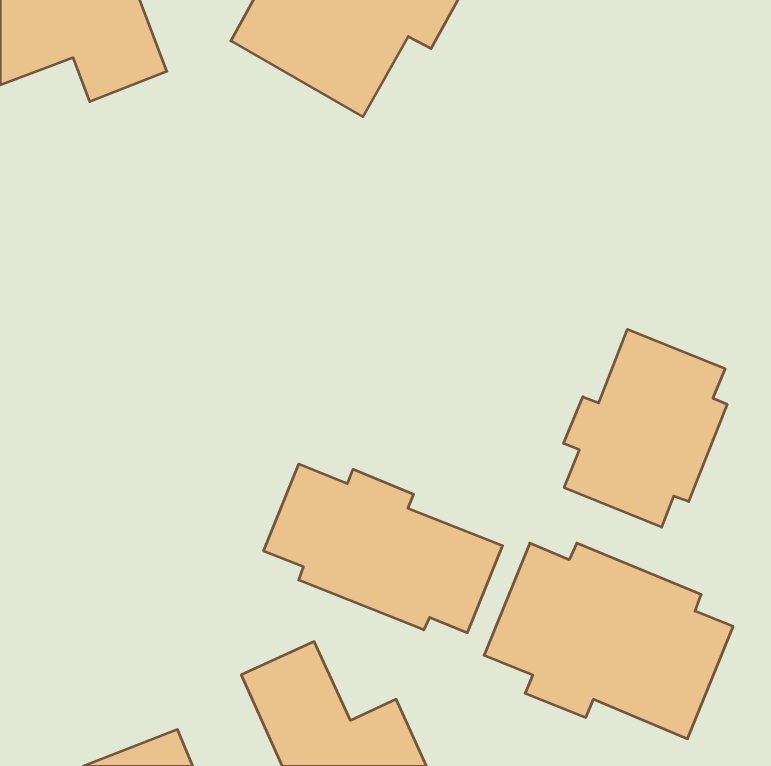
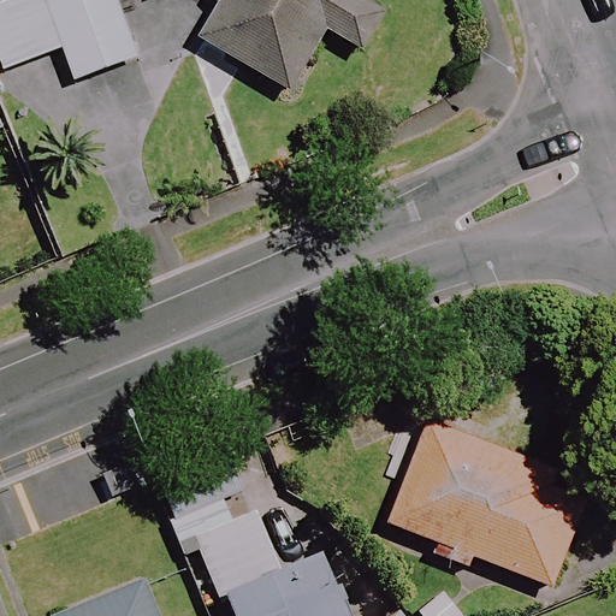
building: [564,329,727,527] -> none
building: [264,464,503,633] -> none

